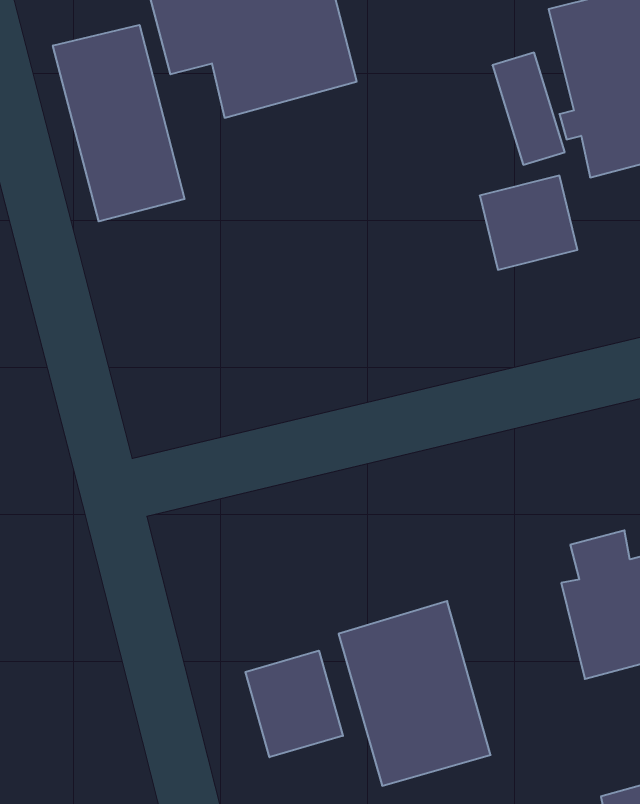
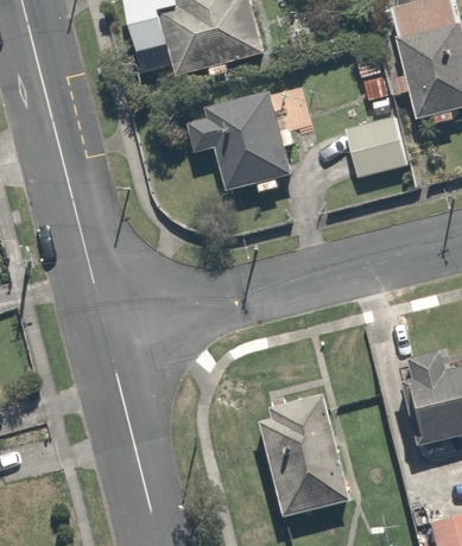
building: [53,25,185,221] -> none
building: none -> [190,85,302,190]
building: [245,651,343,757] -> none

